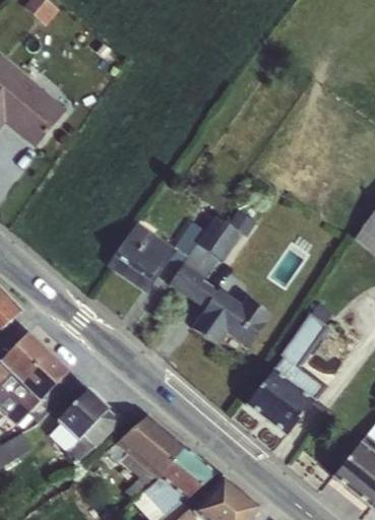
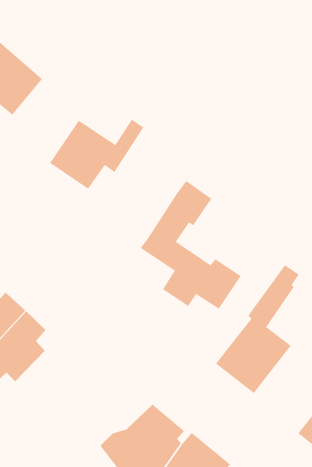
building: [107,219,205,292] -> [49,119,144,189]
building: [50,388,122,463] -> none
building: [98,416,181,476] -> none

